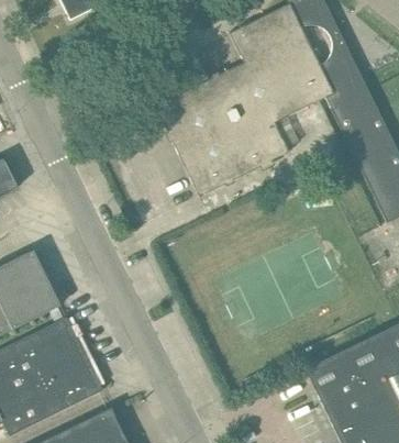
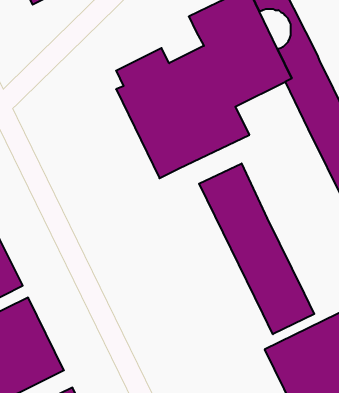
building: none -> [199,163,314,334]

